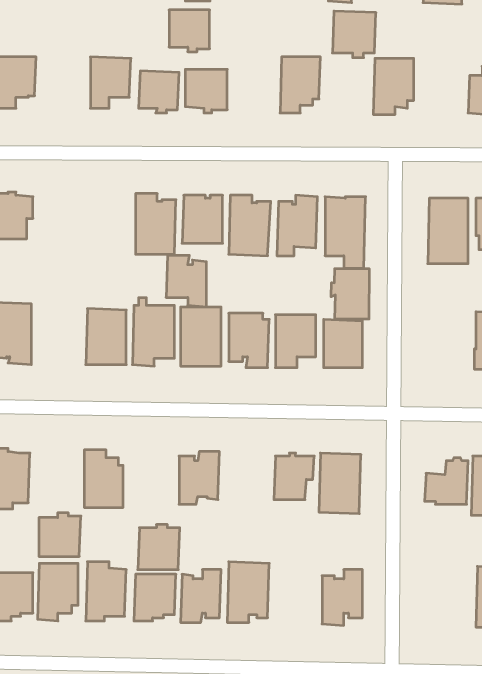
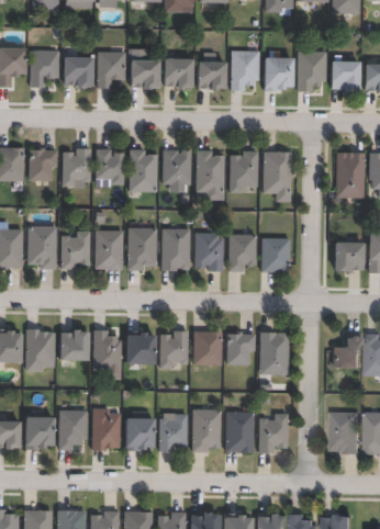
building: [169,10,210,52] -> [198,63,226,92]
building: [332,11,376,58] -> [264,58,294,91]
building: none -> [64,58,93,90]
building: none -> [332,63,360,93]
building: none -> [62,147,90,185]
building: [166,255,206,307] -> [94,148,123,184]
building: [331,269,369,319] -> none
building: none -> [59,230,89,269]
building: none -> [335,240,365,272]
building: none -> [193,330,221,364]
building: [39,513,81,556] -> [59,328,89,359]
building: [138,525,180,570] -> [126,331,156,363]
building: none -> [227,404,256,452]
building: none -> [336,413,365,453]

